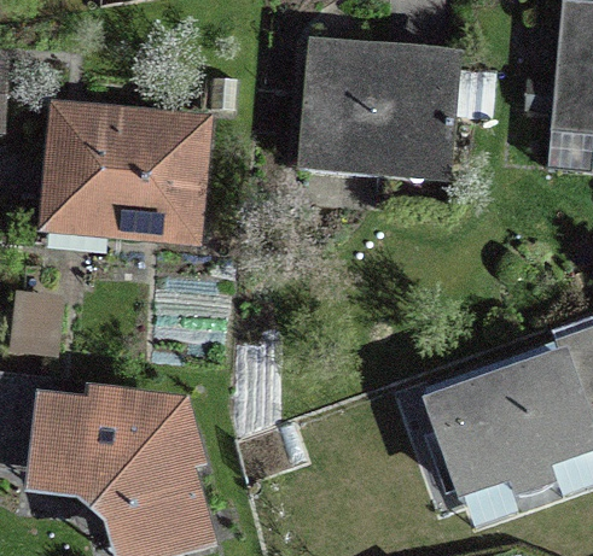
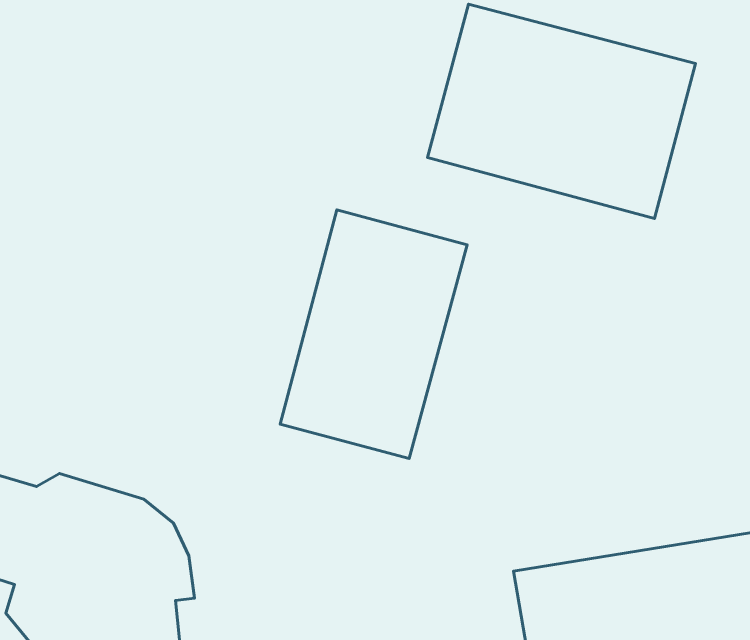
building: [52,105,207,233] -> none
building: none -> [280,210,467,458]

